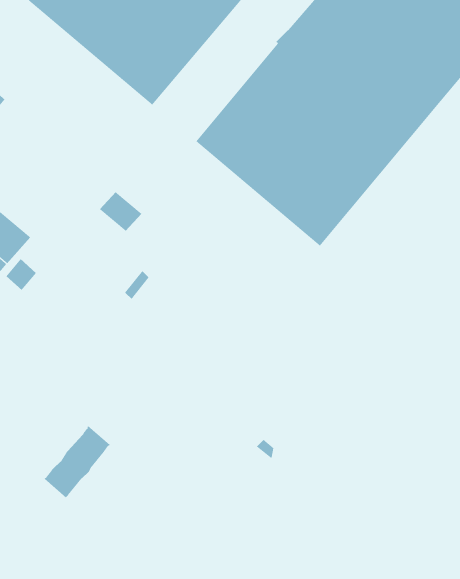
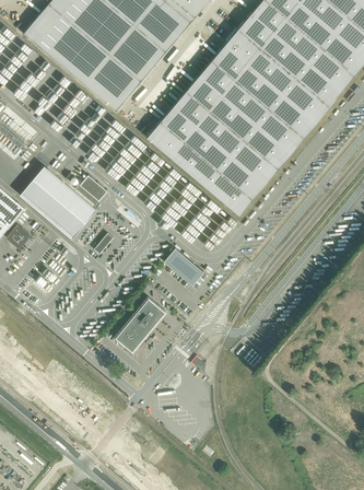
building: none -> [20,166,96,240]
building: none -> [164,247,204,284]
building: [44,425,110,498] -> [115,298,164,351]

